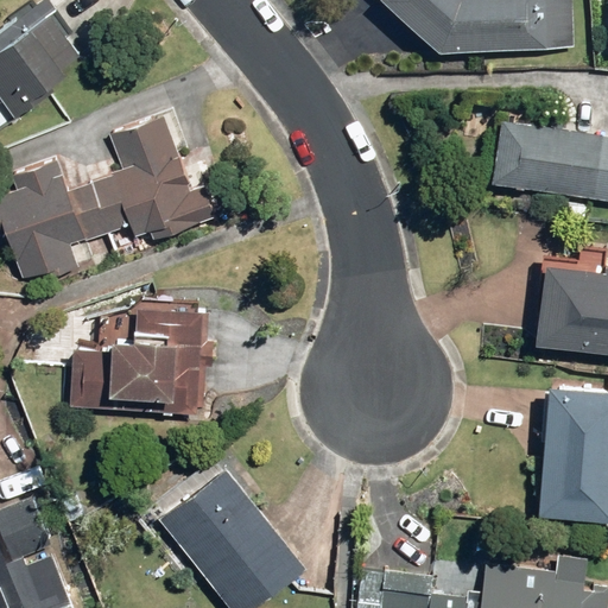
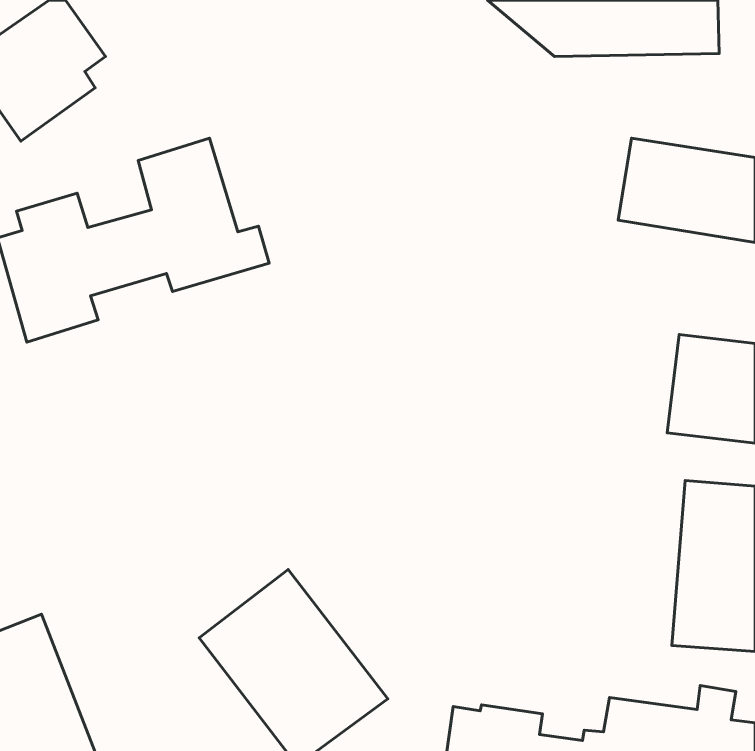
building: [70,303,208,414] -> none

